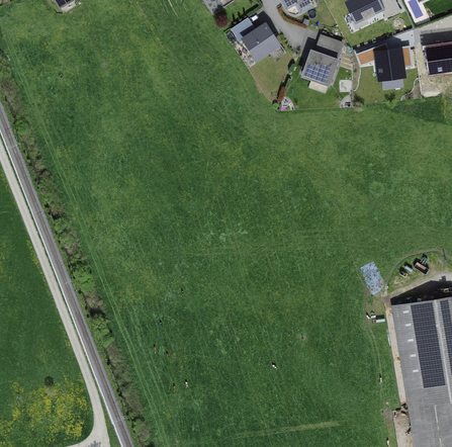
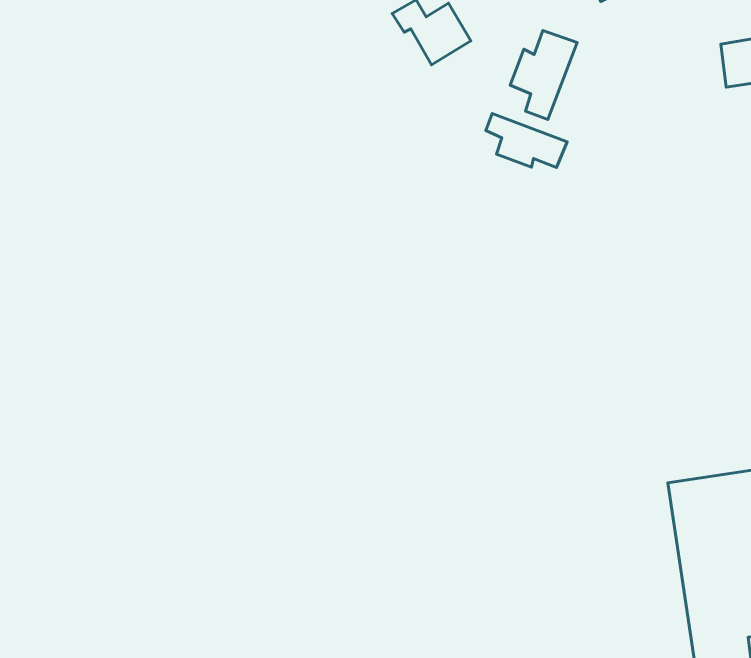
building: [375,50,405,80] -> none
building: none -> [486,113,567,168]

